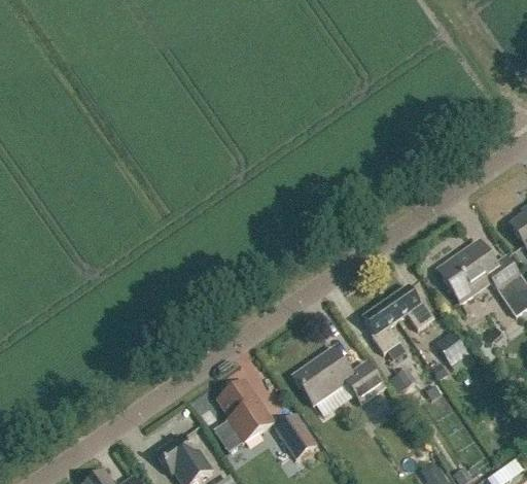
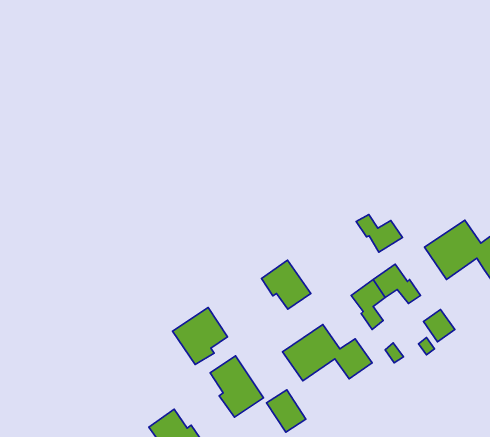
building: none -> [356,214,402,252]
building: none -> [262,260,311,309]
building: none -> [173,307,228,365]

